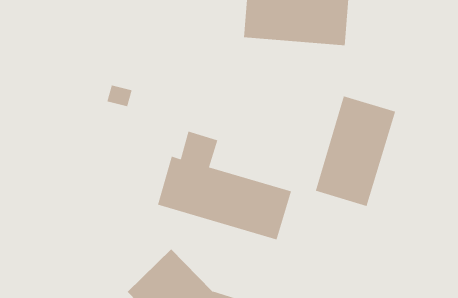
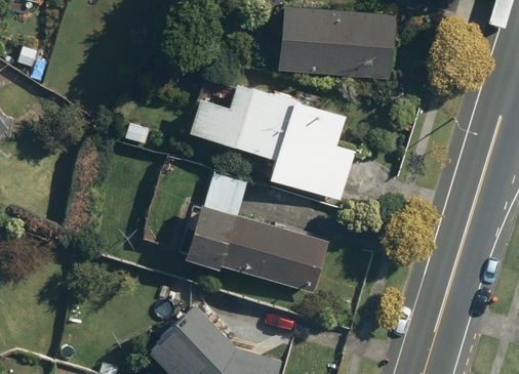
building: none -> [187,81,358,203]
building: [315,95,396,207] -> none

